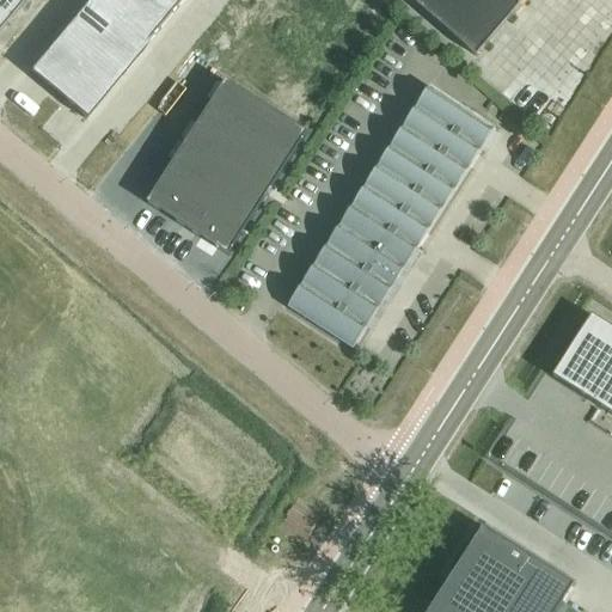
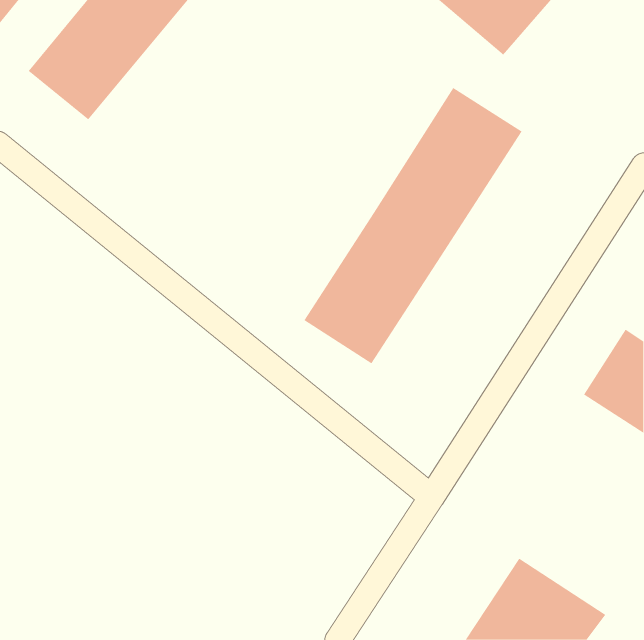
building: [146,78,305,251] -> none

